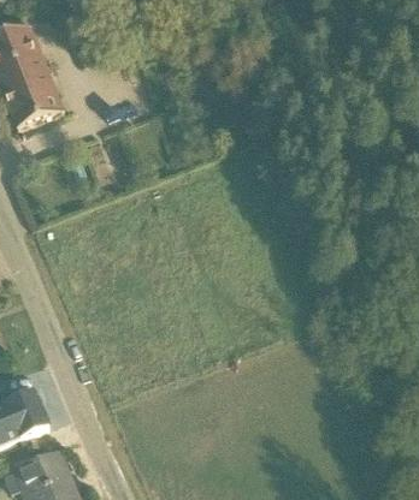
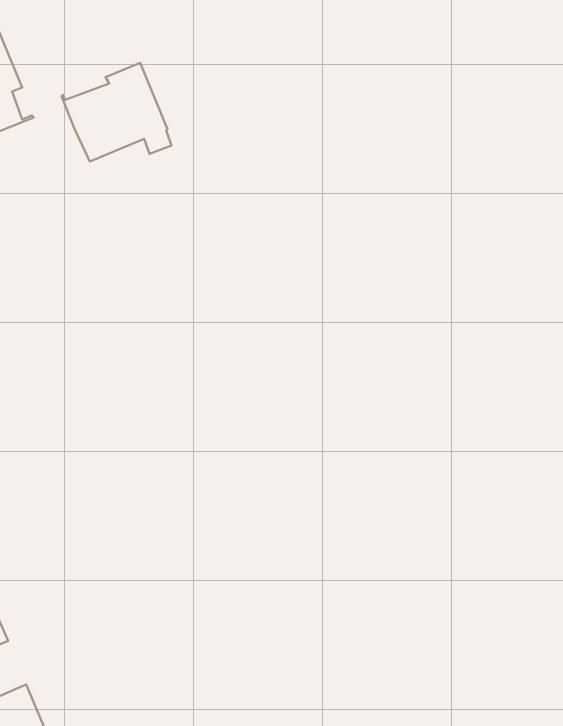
building: none -> [62,63,172,162]

